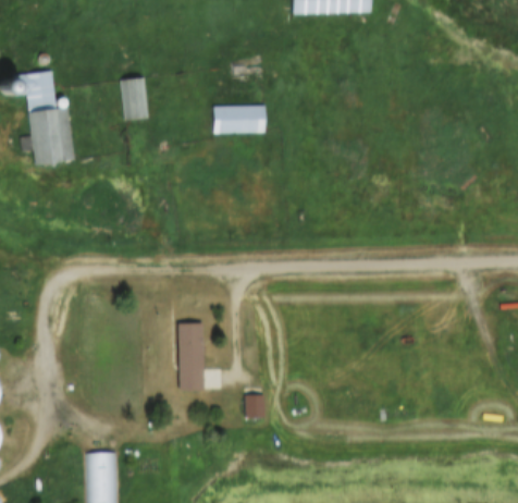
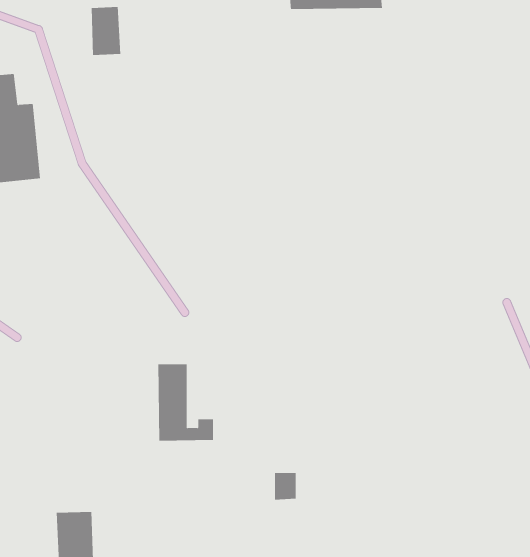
building: [121,76,147,119] -> [91,7,121,55]
building: [209,105,264,133] -> none
building: [247,394,267,418] -> [274,473,297,500]

